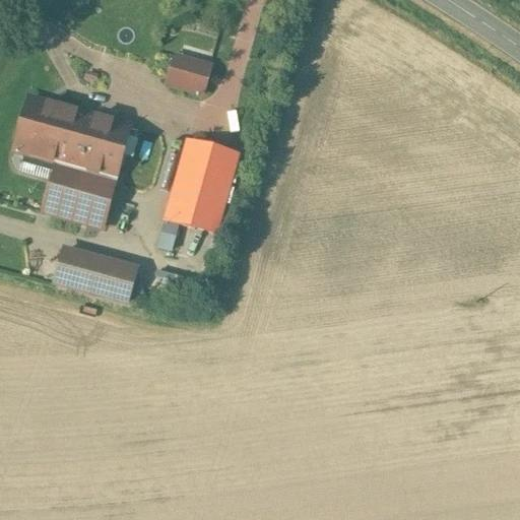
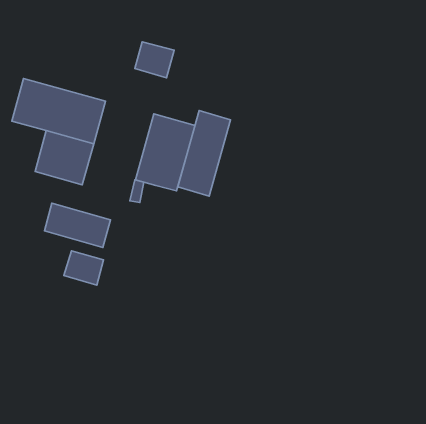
building: none -> [178,111,231,196]
building: none -> [64,251,103,285]

